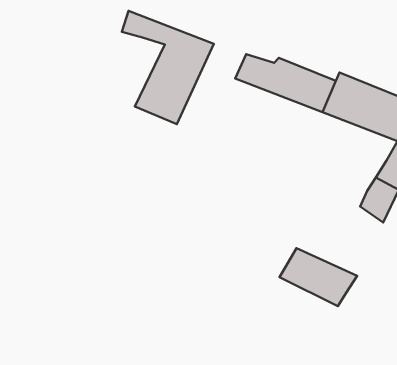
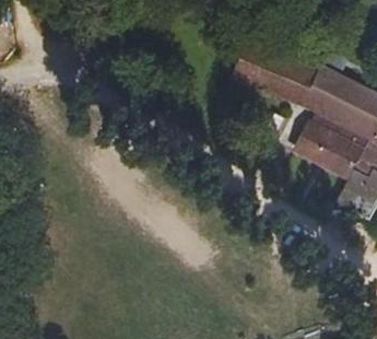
building: [122,11,214,124] -> none
building: [280,248,357,306] -> [297,126,367,178]

